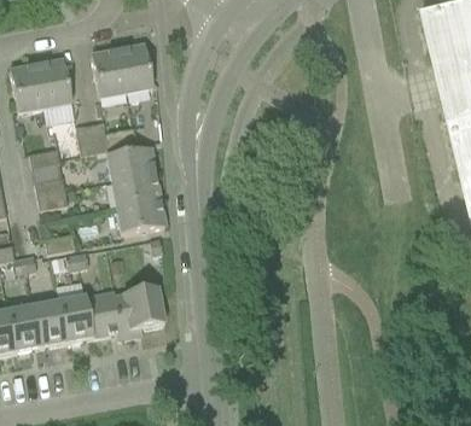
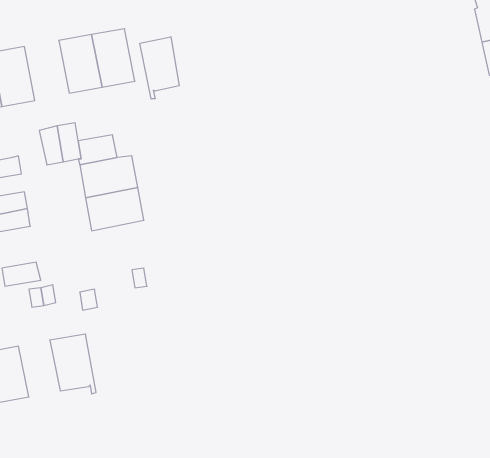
building: none -> [140,37,179,99]
building: [118,199,165,233] -> none
building: [114,287,165,338] -> none
building: [59,296,93,342] -> none

